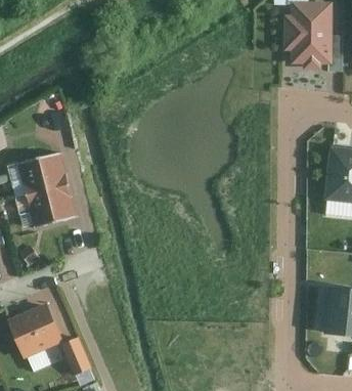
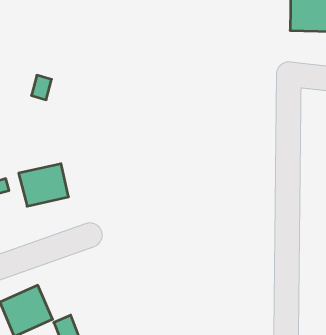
building: [20,157,70,200] -> none

